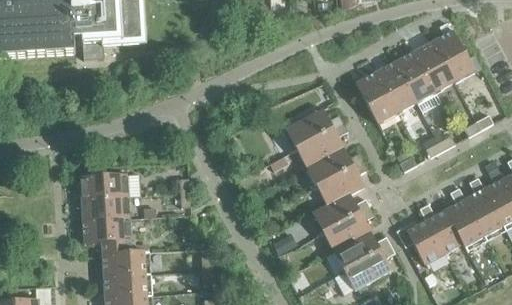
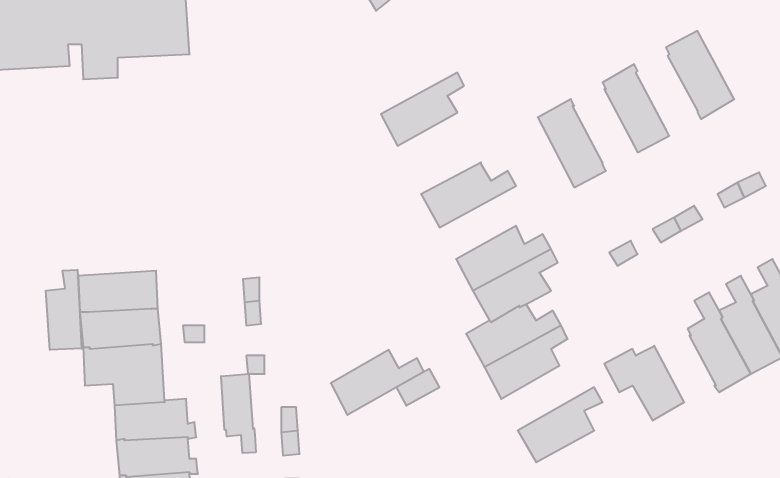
building: [413,40,453,93] -> none
building: [375,61,415,114] -> none
building: [296,123,346,167] -> [381,73,464,146]
building: none -> [46,270,82,350]
building: [418,203,462,253] -> none
building: [333,231,389,270] -> [331,350,424,415]
building: none -> [221,374,256,453]

